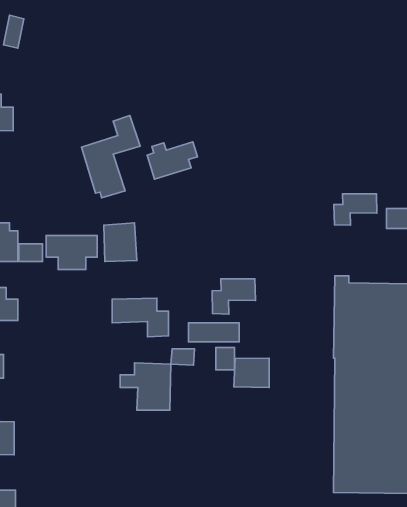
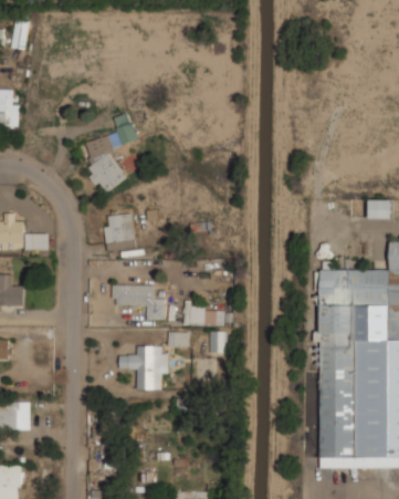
building: [147,142,197,179] -> none
building: [334,194,377,225] -> none
building: [46,235,97,269] -> none
building: [212,279,255,314] -> none
building: [234,358,269,388] -> none

